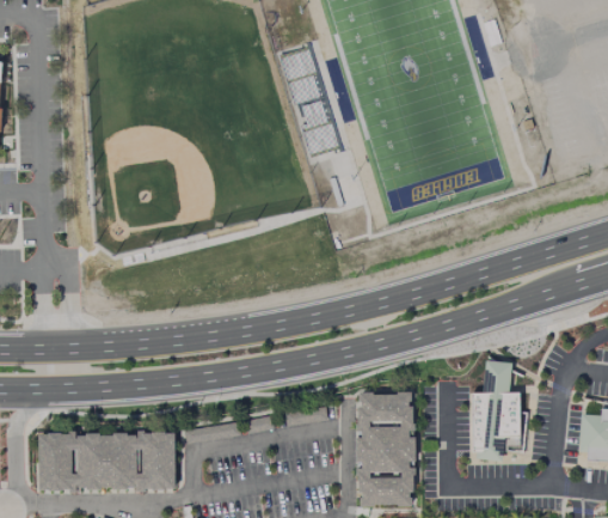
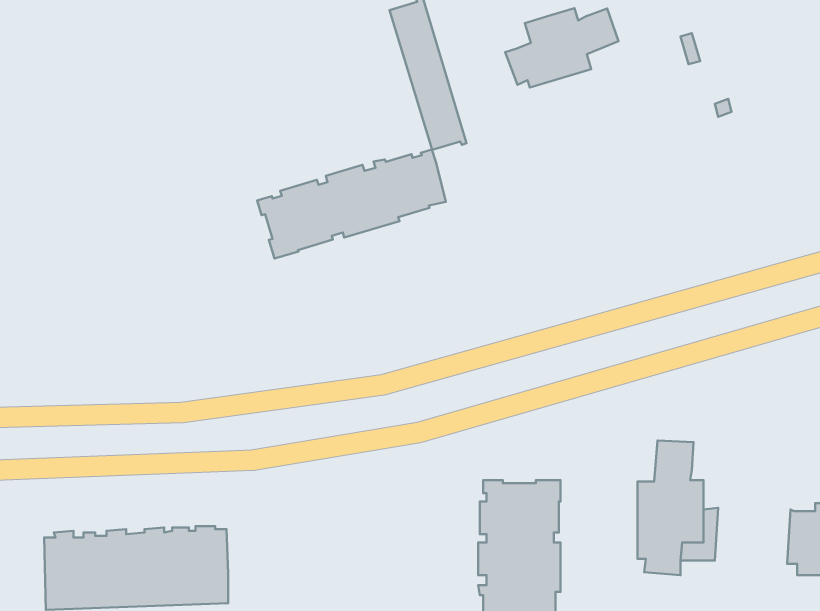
building: none -> [505,8,619,88]
building: none -> [257,149,446,258]

